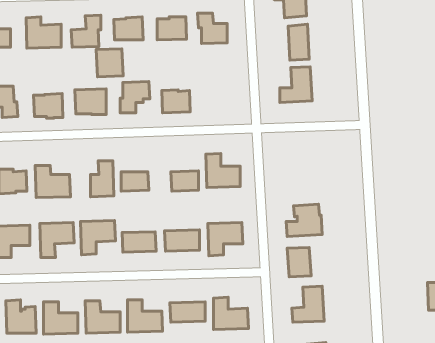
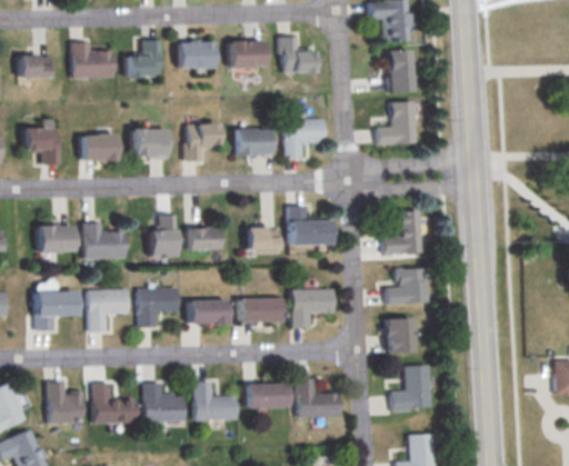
building: [96,49,123,77] -> none
building: none -> [284,118,326,159]
building: none -> [383,210,423,255]

